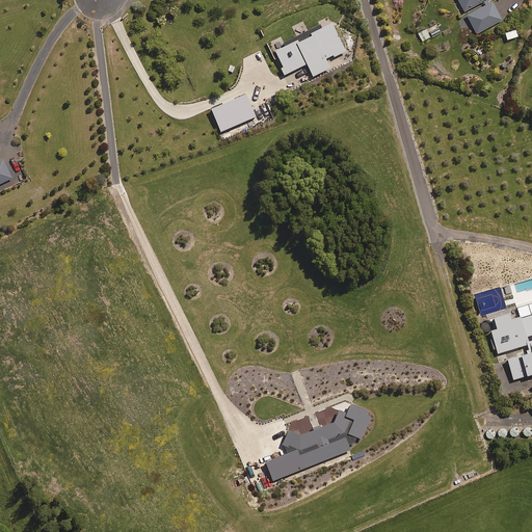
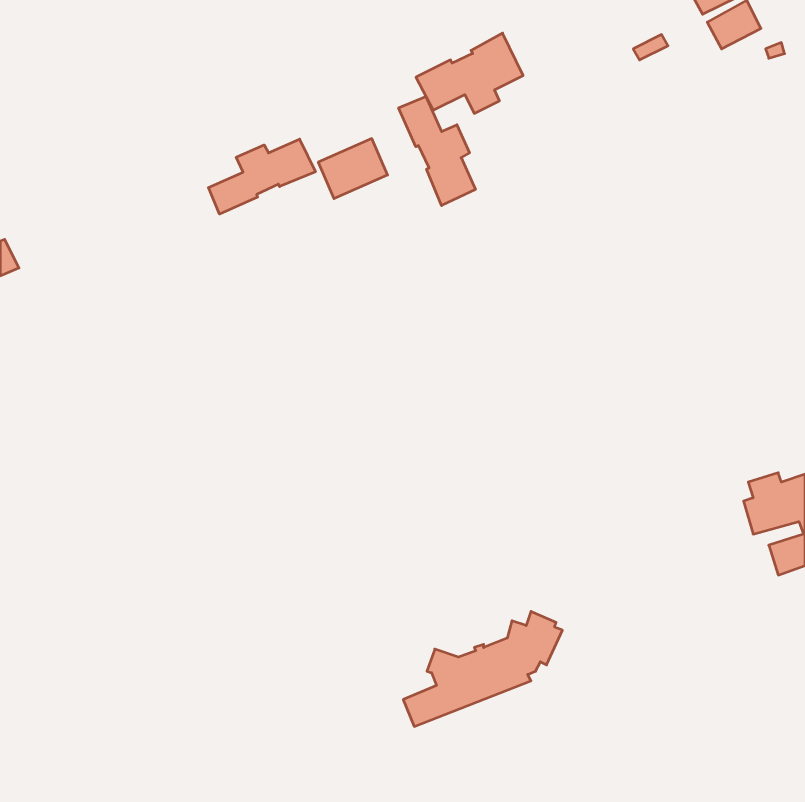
building: none -> [399,96,475,206]
building: none -> [208,139,315,214]

